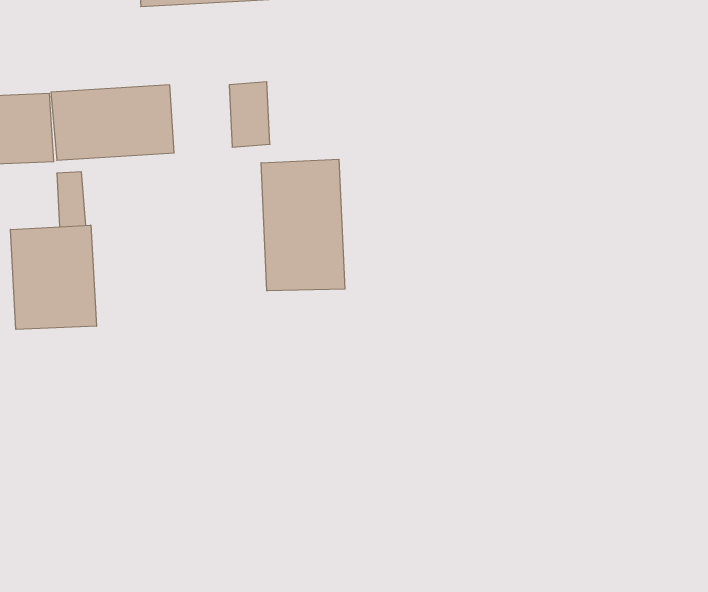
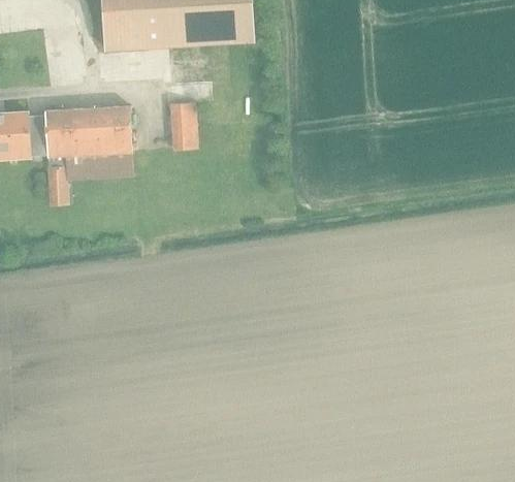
building: [261,159,345,291] -> none
building: [10,225,96,329] -> none

